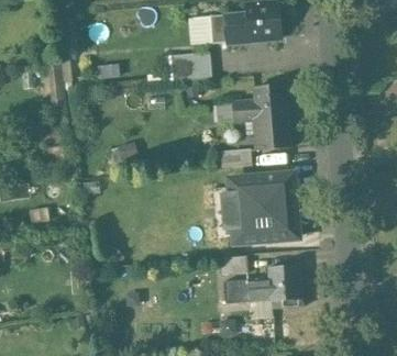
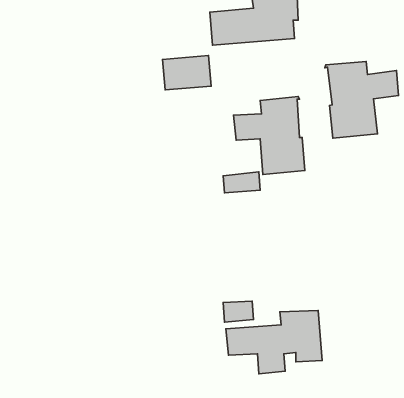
building: none -> [325,62,399,138]
building: [228,176,295,241] -> none

